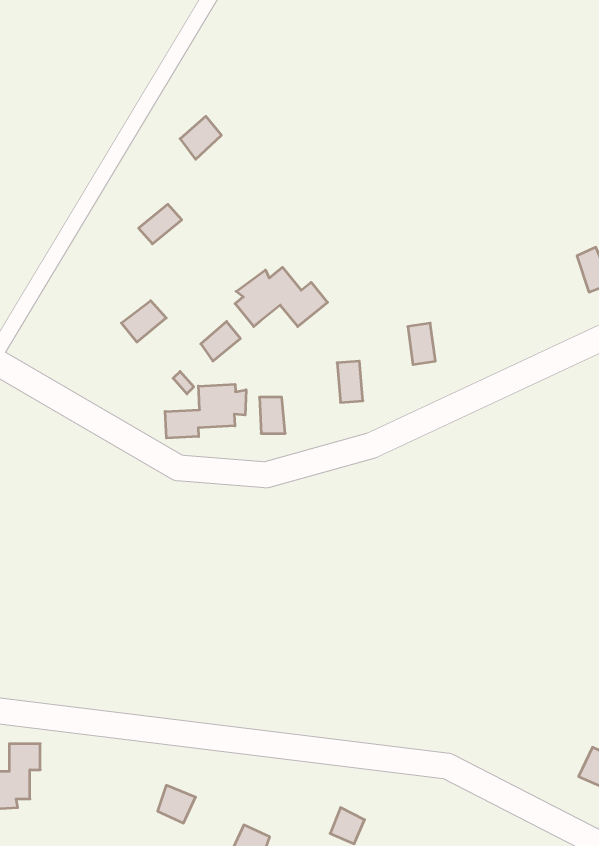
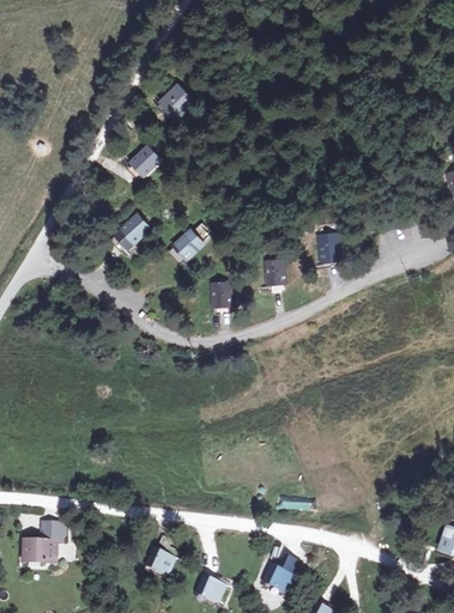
building: [235,267,328,327] -> none
building: [165,384,246,438] -> none

